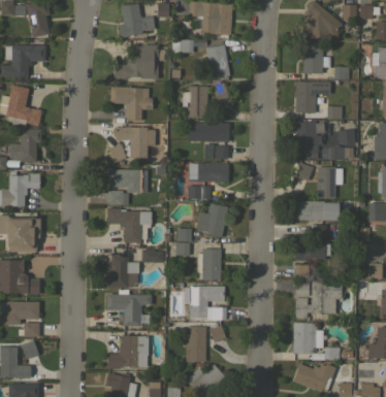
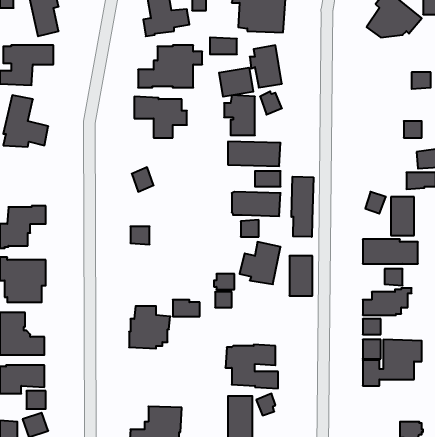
building: [302,42,330,74] -> none
building: none -> [219,68,253,97]
building: [295,81,330,113] -> none
building: [295,122,324,154] -> none
building: [115,128,157,159] -> none
building: [10,129,41,162] -> none
building: none -> [291,177,313,237]
building: [108,170,140,193] -> none
building: [107,208,152,243] -> none
building: [202,249,221,280] -> [289,256,312,296]
building: [106,290,151,326] -> none
building: [292,323,317,354] -> none

